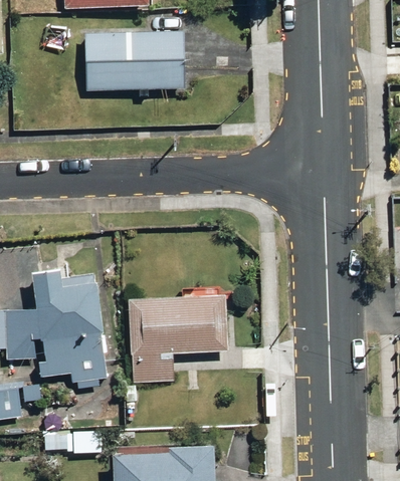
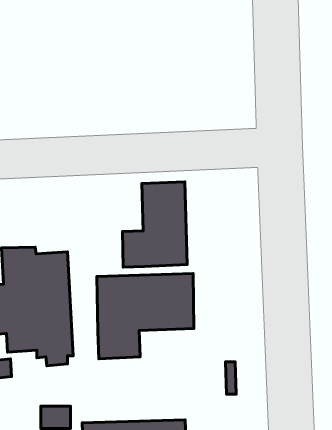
building: [85,30,187,97] -> none
building: none -> [122,182,187,267]

